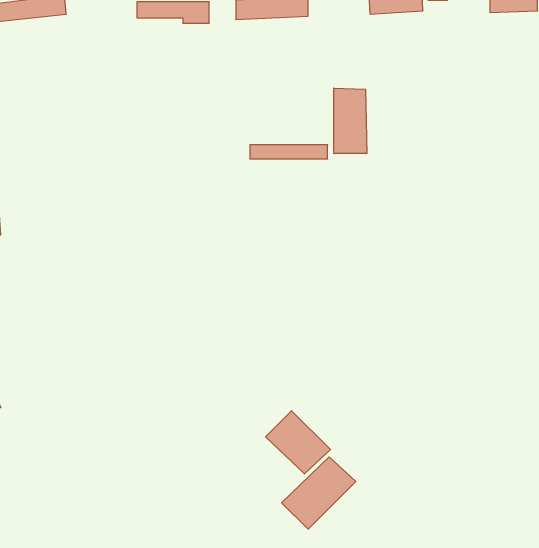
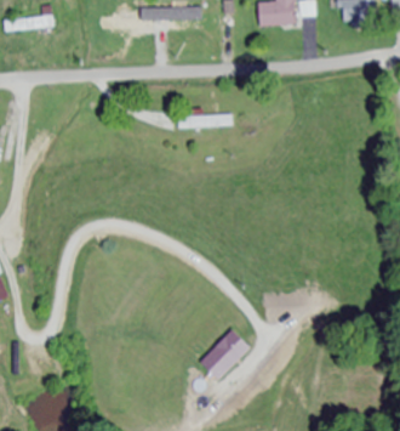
building: [334,88,367,154] -> none
building: [266,411,330,474] -> none

